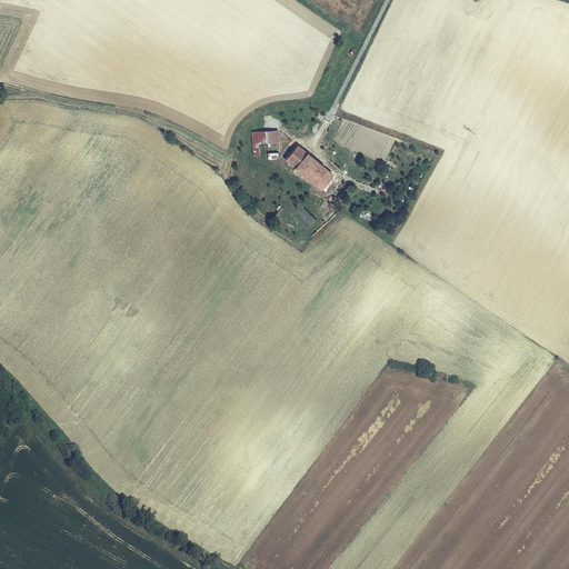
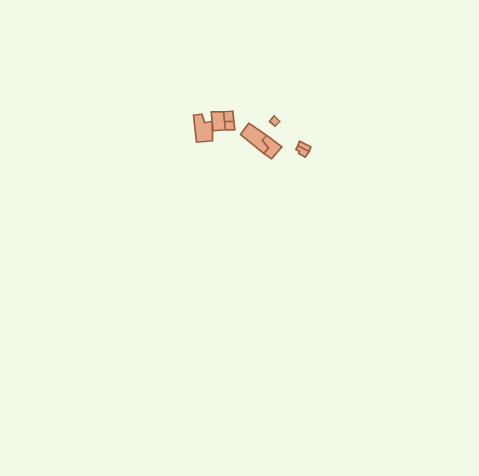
building: none -> [194,114,212,142]

